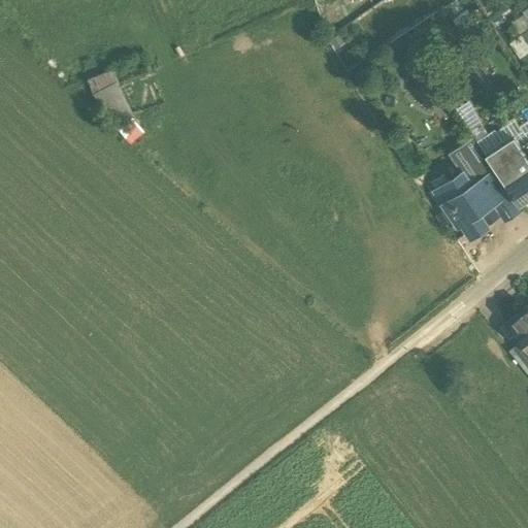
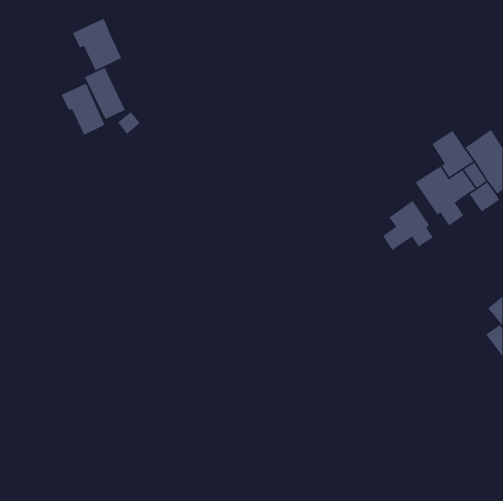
building: none -> [72,18,122,72]
building: none -> [60,83,106,136]
building: none -> [382,200,434,251]

